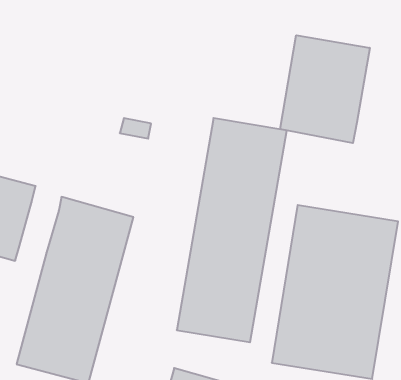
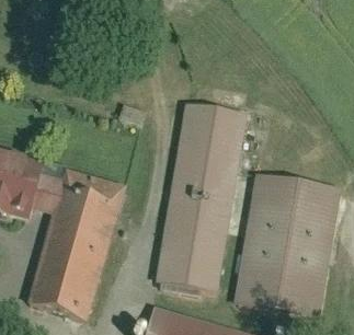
building: [280,35,370,143] -> none
building: none -> [31,173,62,213]

